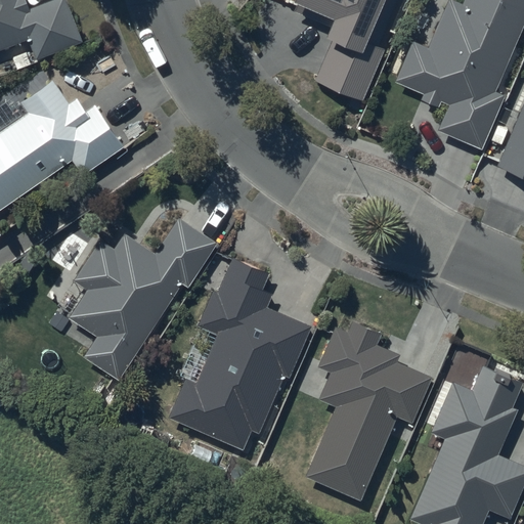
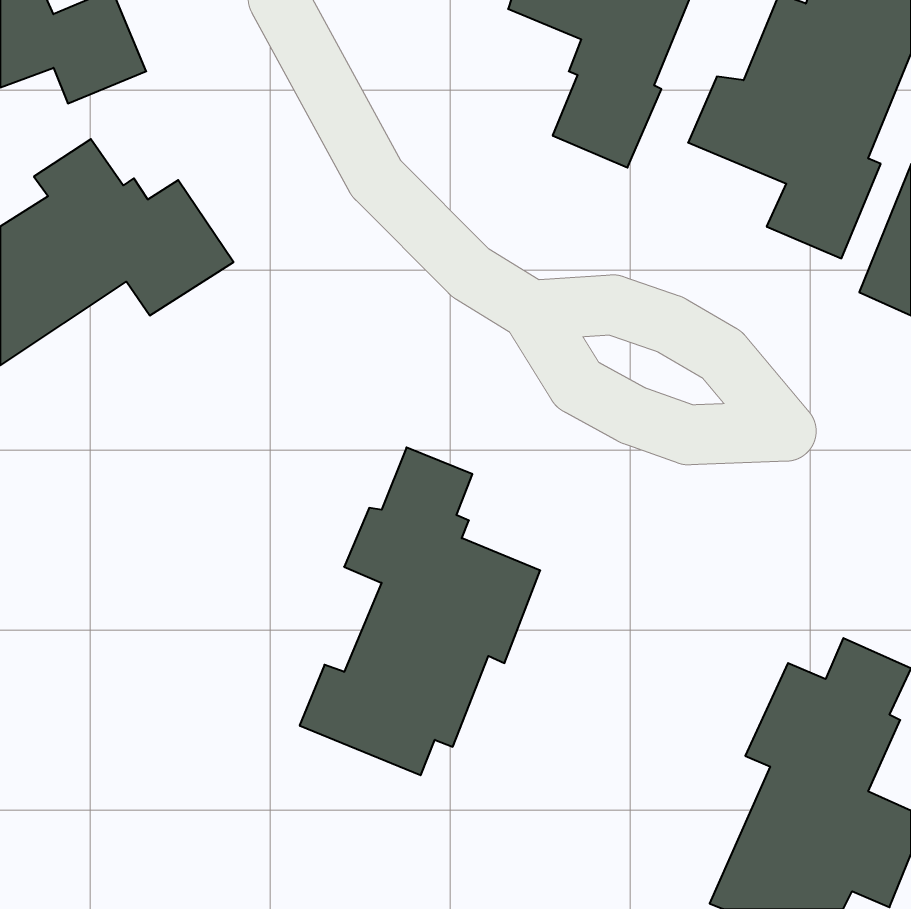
building: [67,222,215,381] -> none
building: [307,319,431,497] -> none

